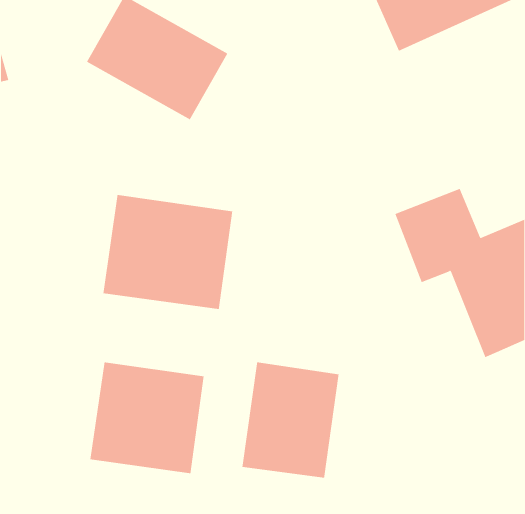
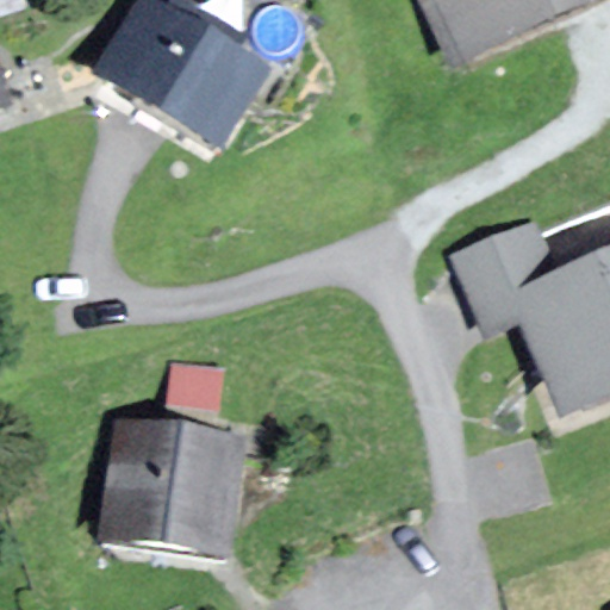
building: [103,194,233,310] -> none
building: [242,362,339,478] -> none

